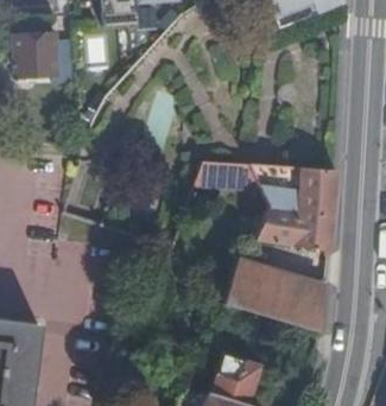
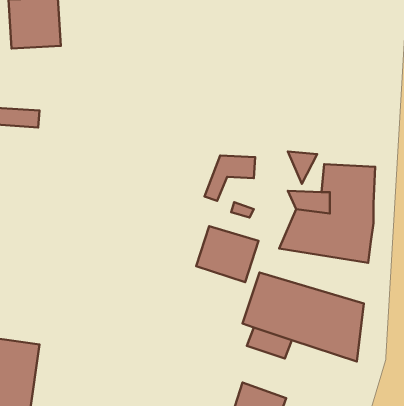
building: none -> [196,226,259,282]

